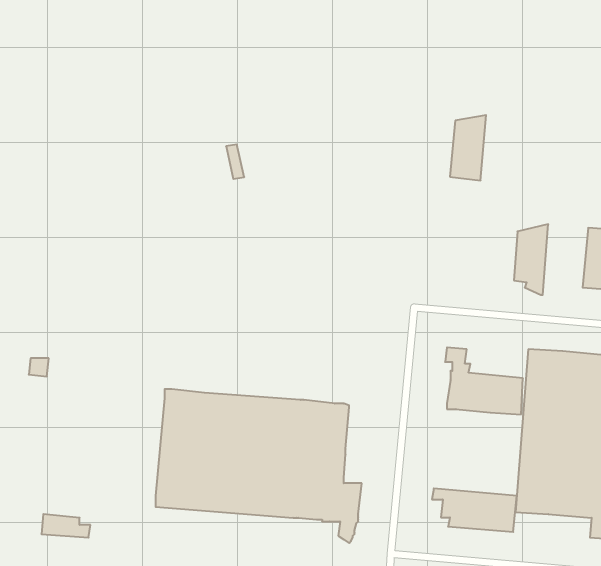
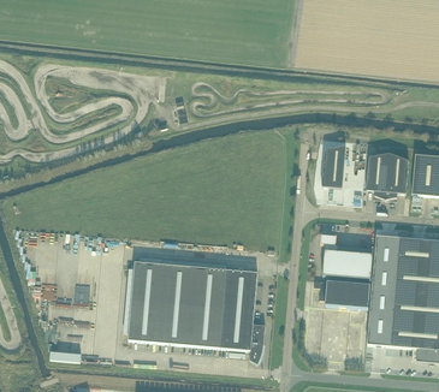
building: [450,115,486,180] -> [321,144,345,188]
building: none -> [385,152,408,198]
building: [432,488,517,532] -> [313,279,369,308]

